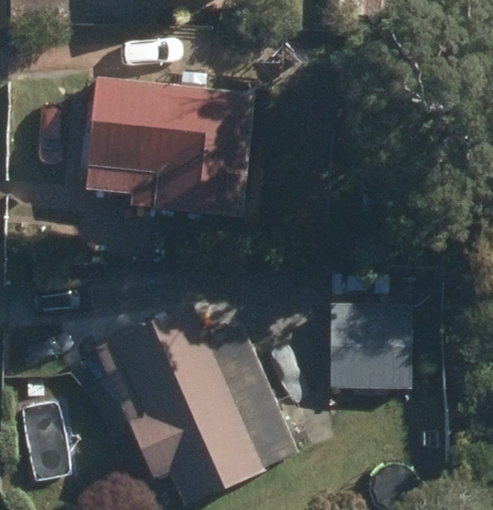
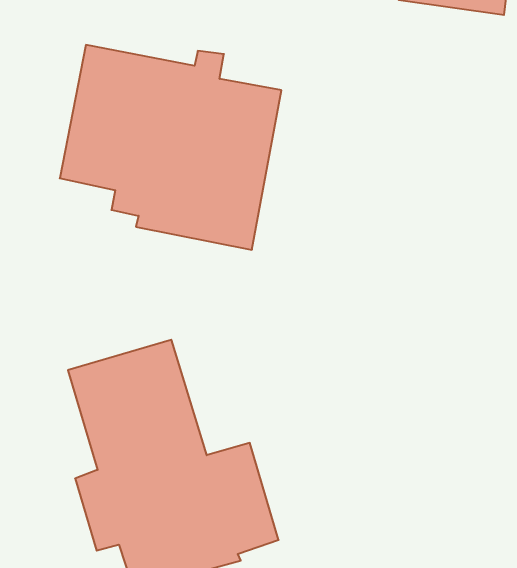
building: [329,285,413,371] -> none

